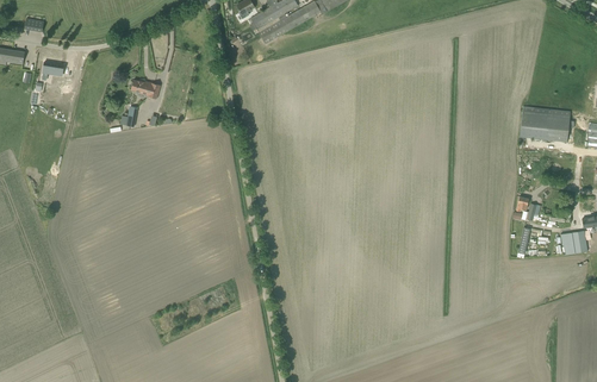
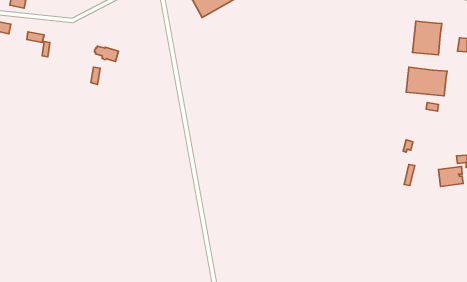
building: none -> [413,21,442,55]

